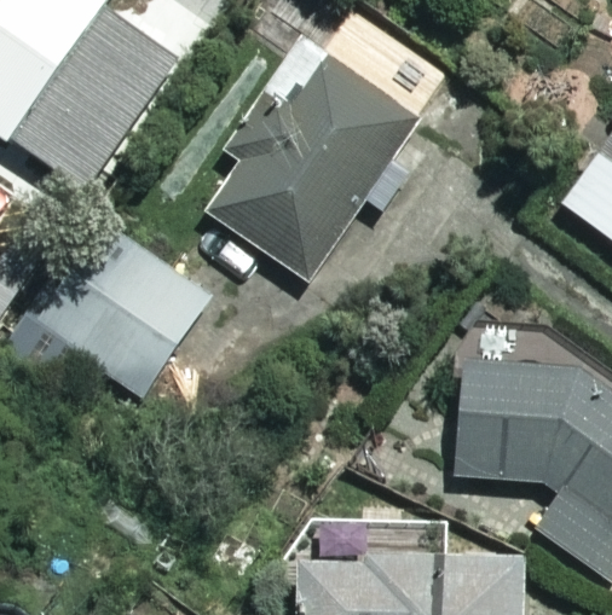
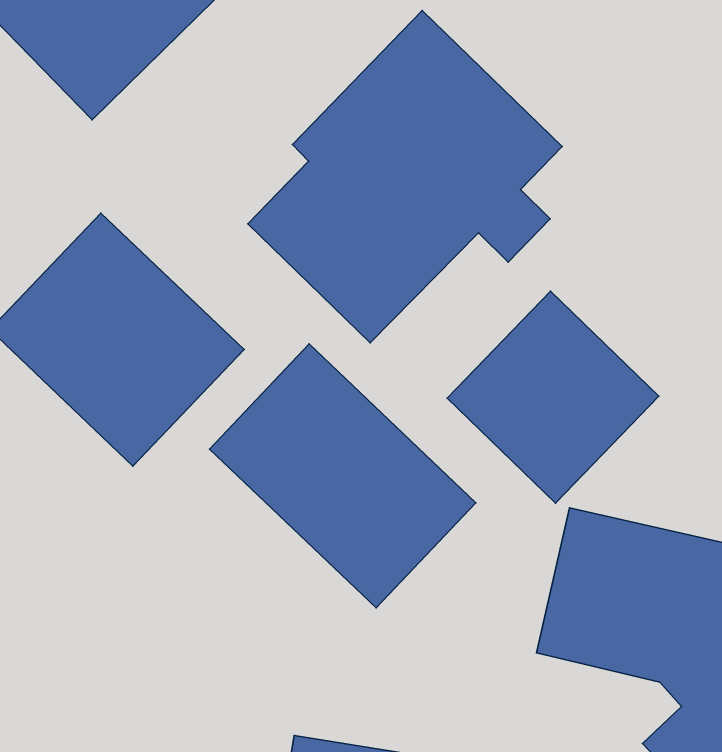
building: none -> [447,291,659,503]
building: none -> [209,344,476,608]

